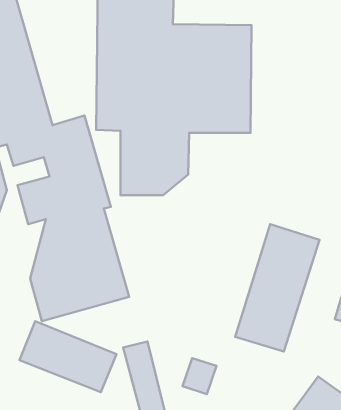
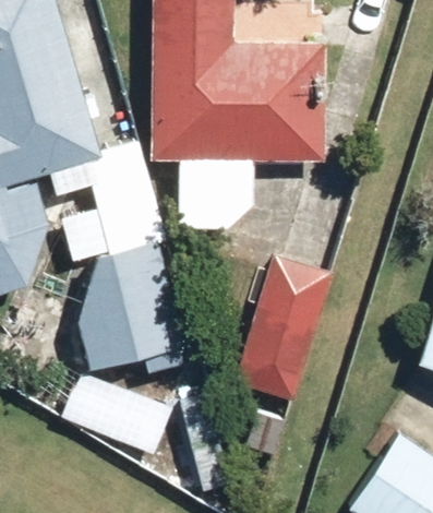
building: [235,224,320,351] -> [234,255,329,398]

